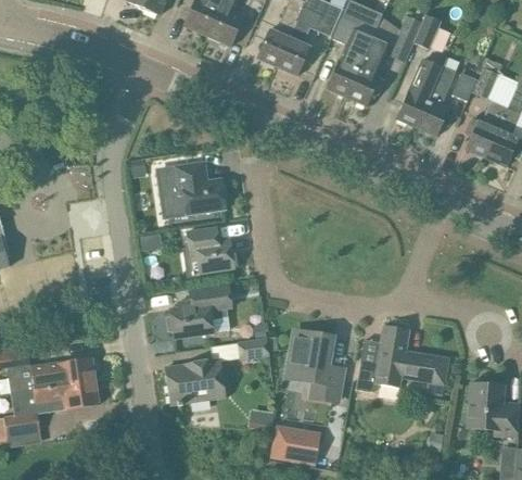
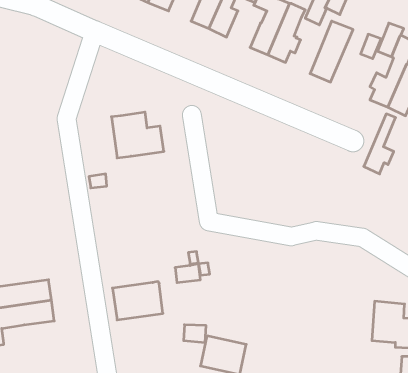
building: [419,67,456,137] -> [364,114,396,174]
building: [182,228,234,278] -> none
building: [167,283,233,339] -> none
building: [356,325,448,394] -> none
building: [287,332,343,400] -> none

